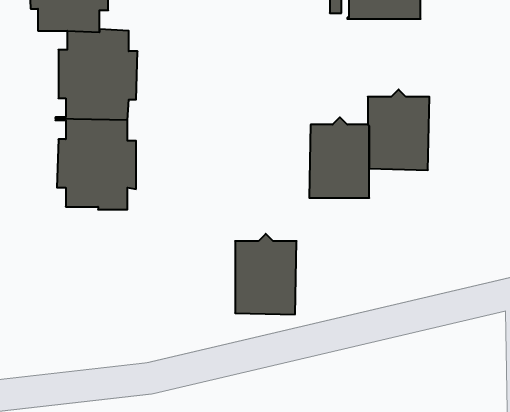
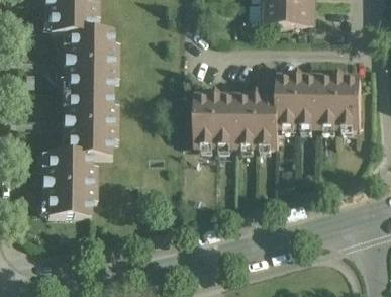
building: none -> [317,73,360,128]
building: none -> [40,154,95,216]
building: [235,234,297,314] -> [194,92,236,147]

